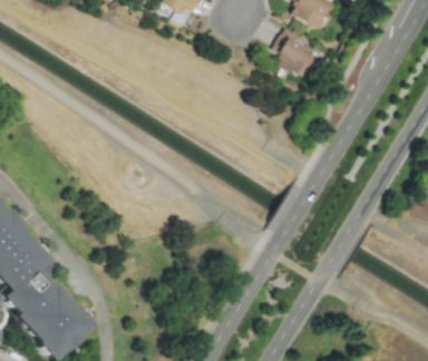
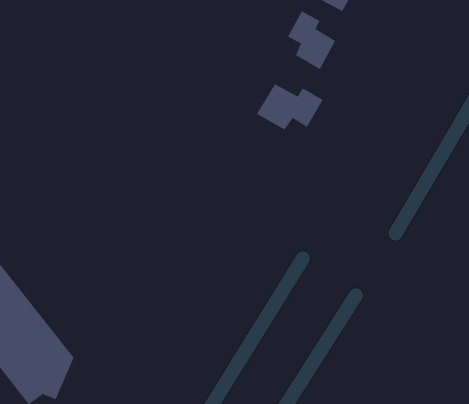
building: none -> [256,83,324,130]

